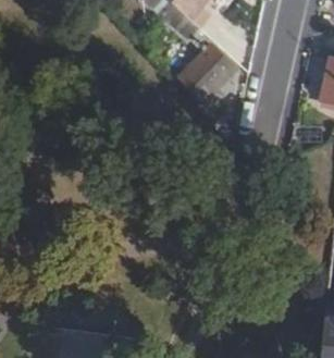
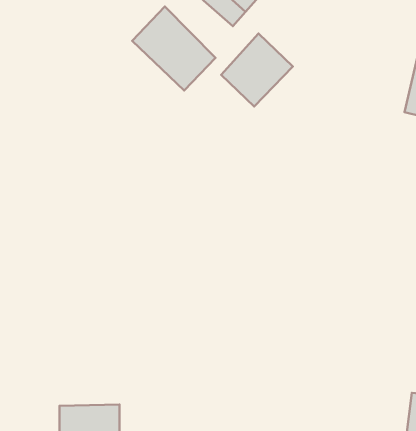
building: none -> [132,7,216,90]

